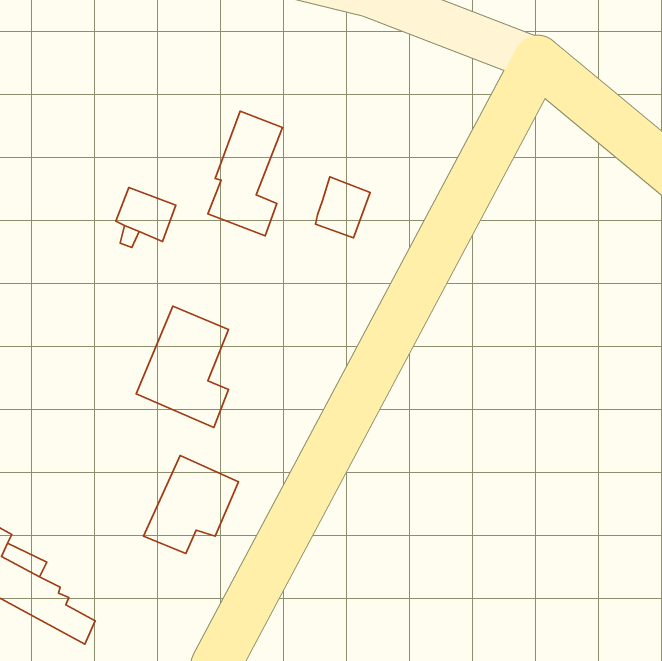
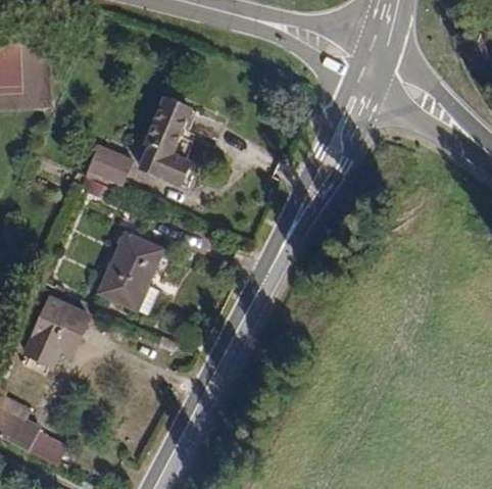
building: [315,177,370,238] -> none
building: [143,455,239,554] -> [22,297,89,365]

